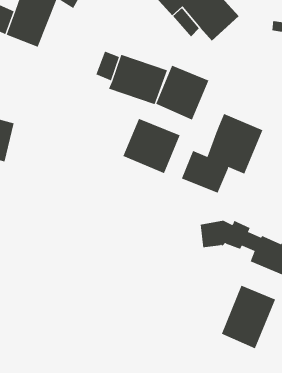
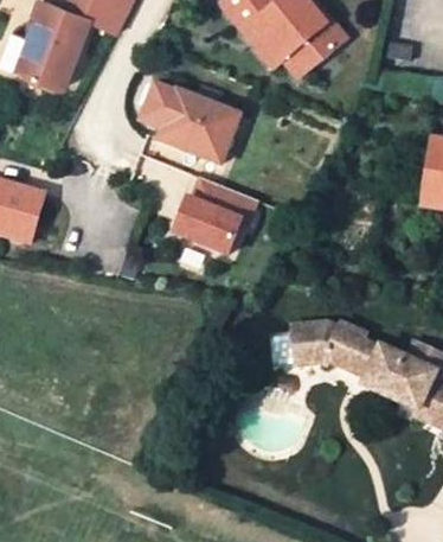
building: [155,65,209,120] -> none
building: [181,113,263,193] -> none
building: [221,285,276,349] -> none

